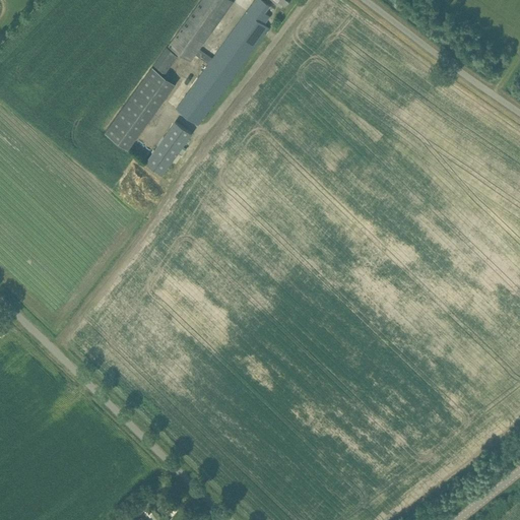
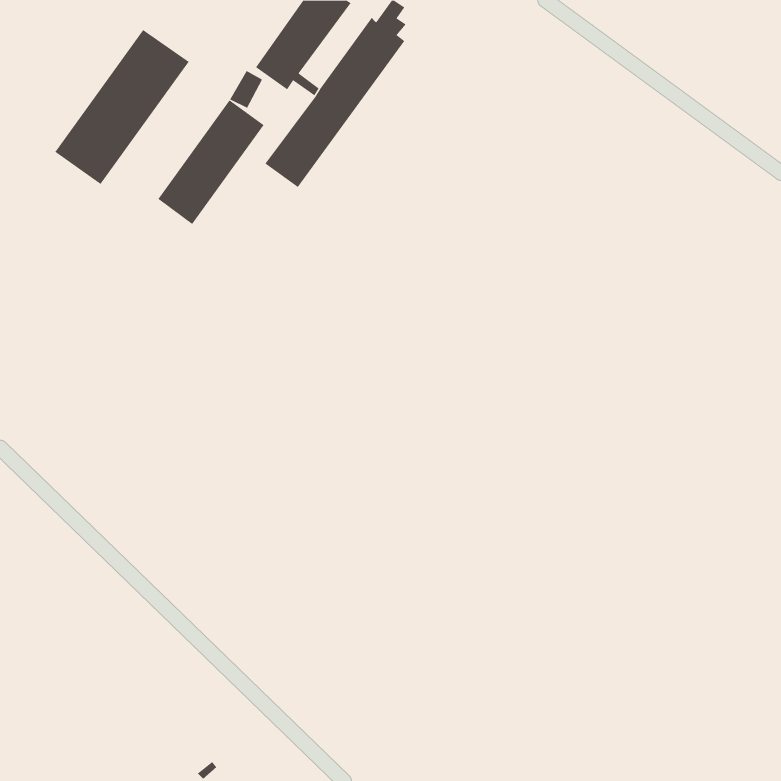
building: none -> [54,29,189,185]
building: [145,122,192,175] -> none

